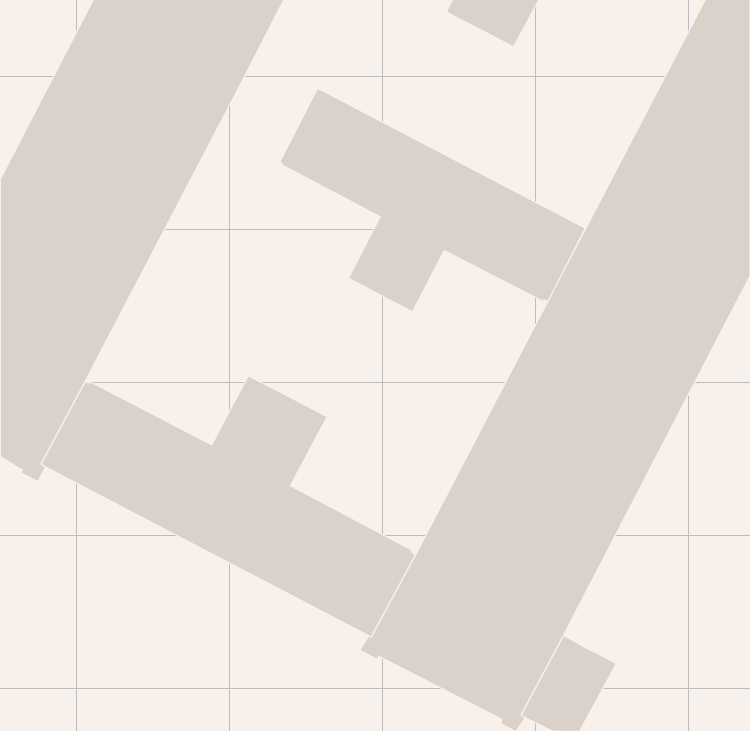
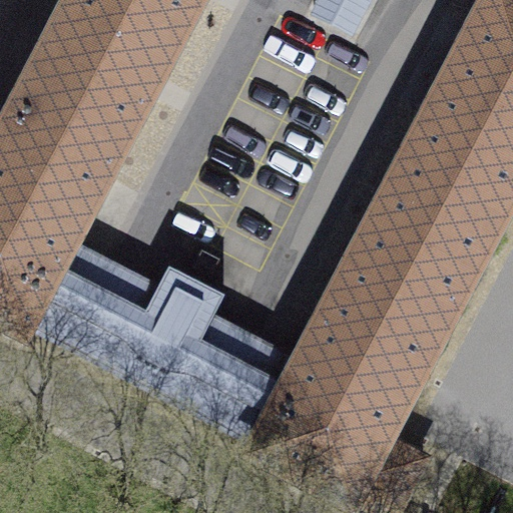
building: [280,89,585,312] -> none

